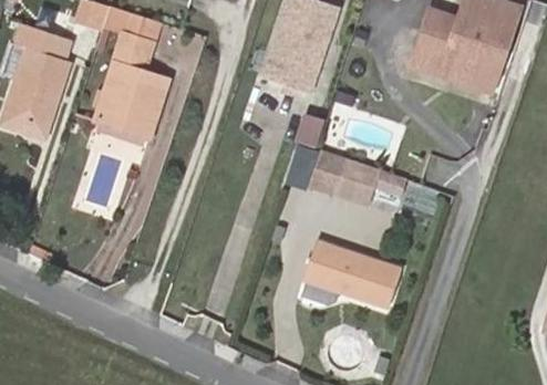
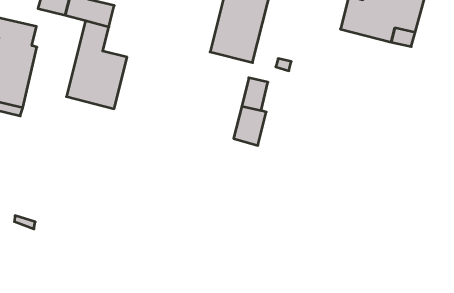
building: [309,153,384,210] -> none
building: [303,237,402,305] -> none

